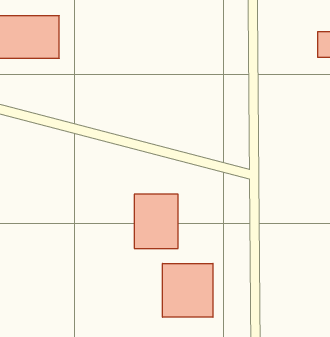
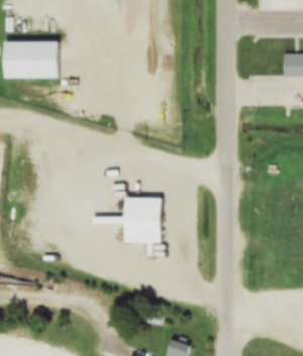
building: [163,263,213,317] -> none

